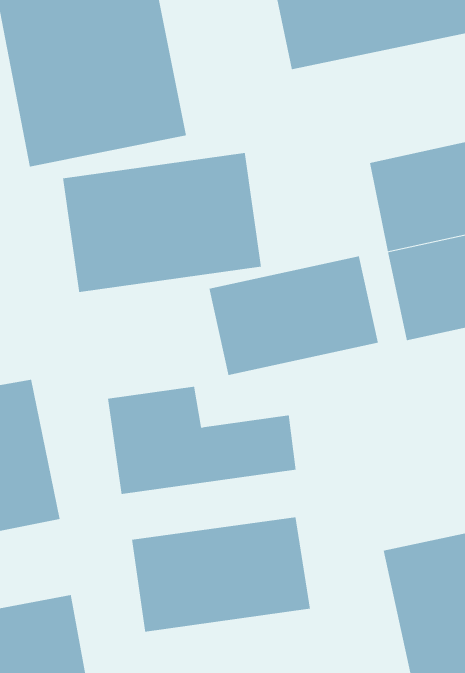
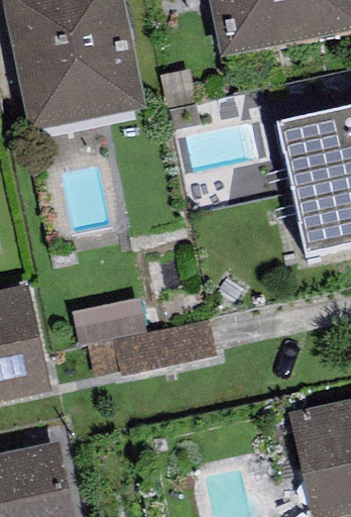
building: [62,152,262,293] -> none
building: [209,256,378,376] -> none
building: [131,517,310,633] -> none

